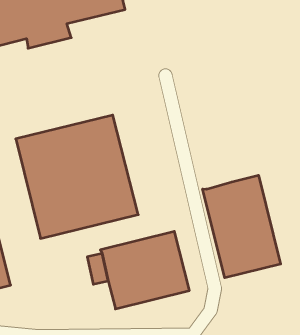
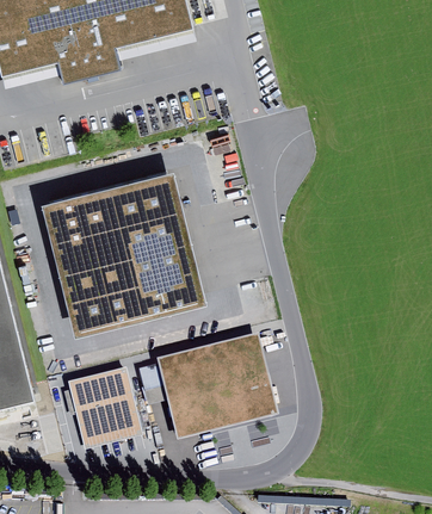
building: [203,175,281,278] -> none
building: none -> [63,366,138,448]

